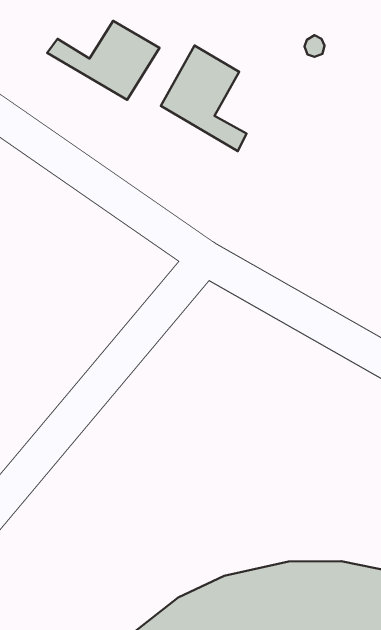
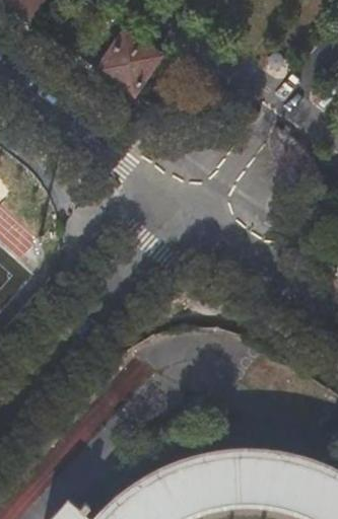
building: [161,46,247,151] -> none

